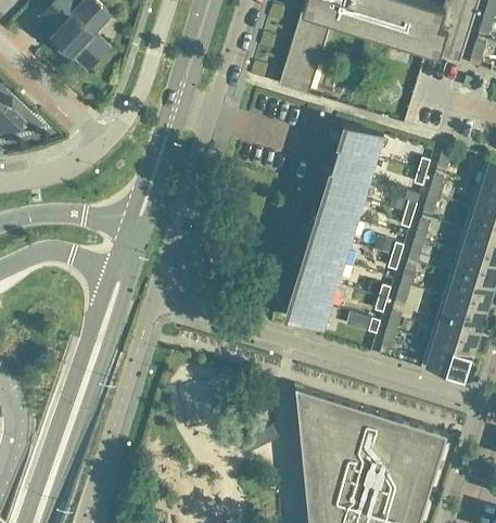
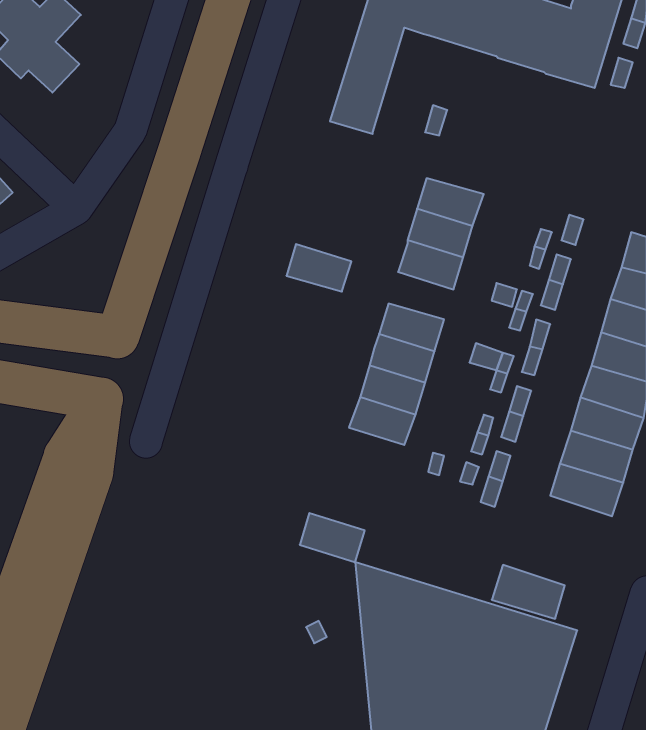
building: [318,190,363,222] -> [286,244,351,292]
building: [284,296,329,330] -> [300,513,365,562]
building: [421,343,471,380] -> [492,565,565,619]

